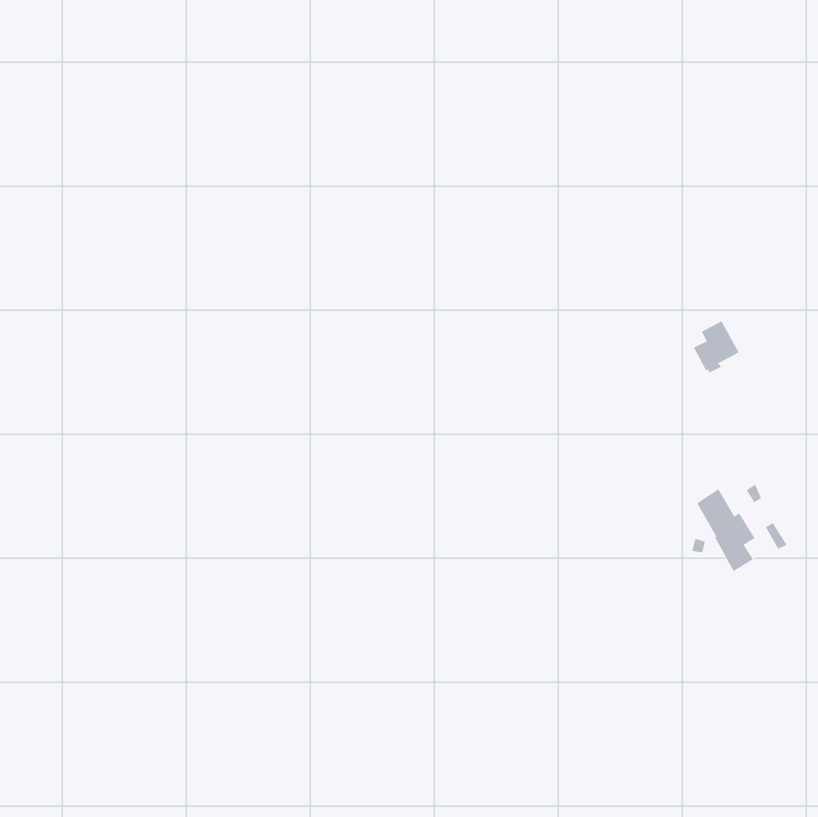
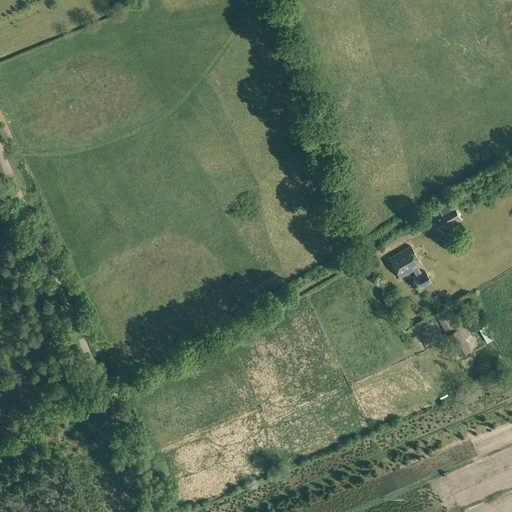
building: none -> [389,246,432,290]

